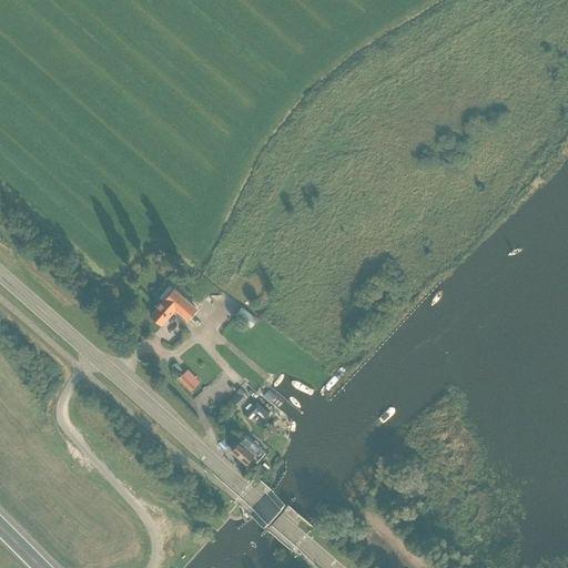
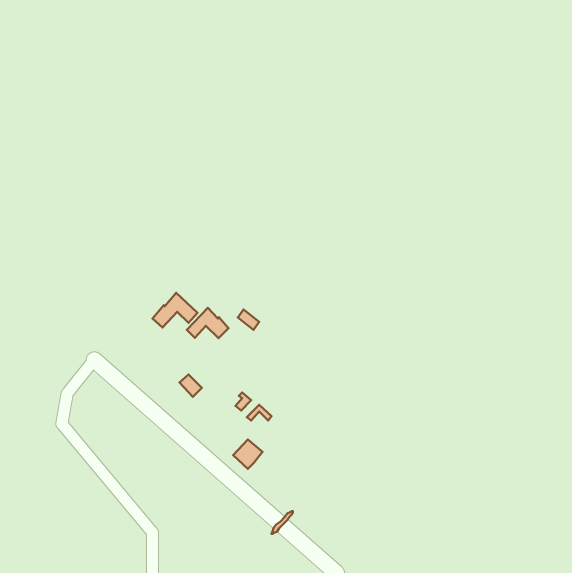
building: none -> [187,308,229,338]

